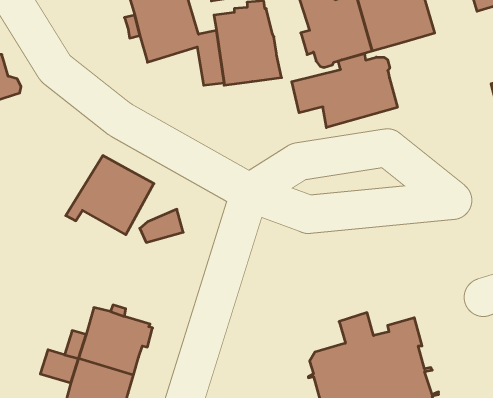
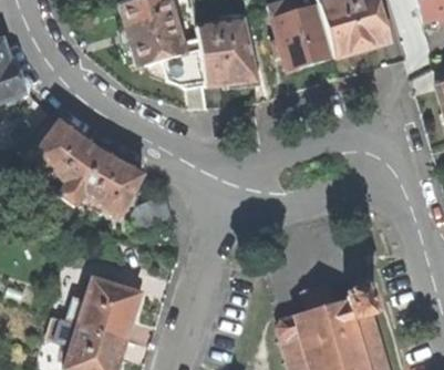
building: [292,54,397,128] -> none
building: none -> [31,119,101,199]

